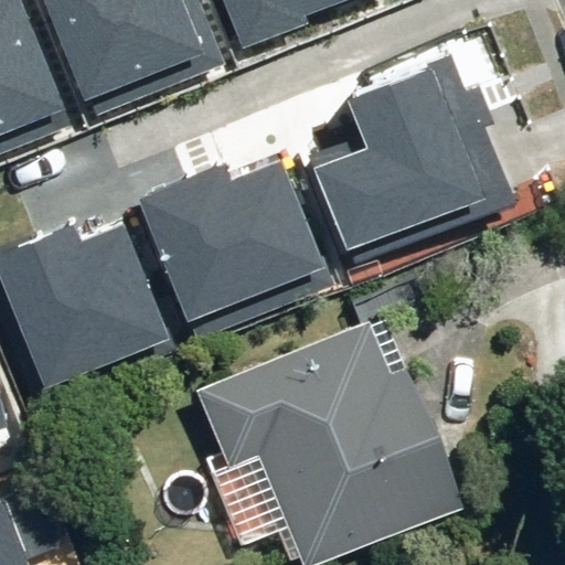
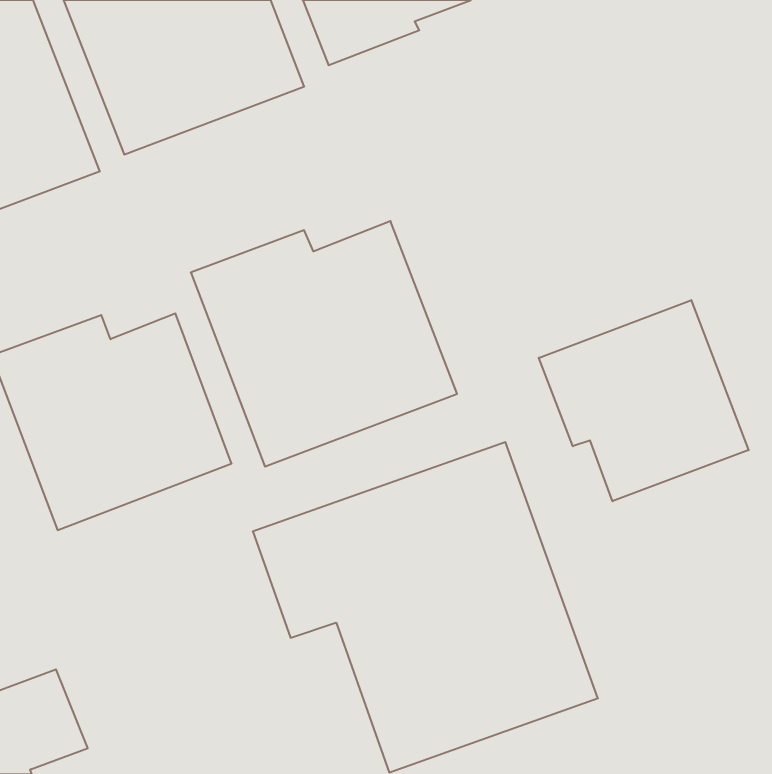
building: [318,60,513,260] -> none
building: none -> [539,300,749,501]

